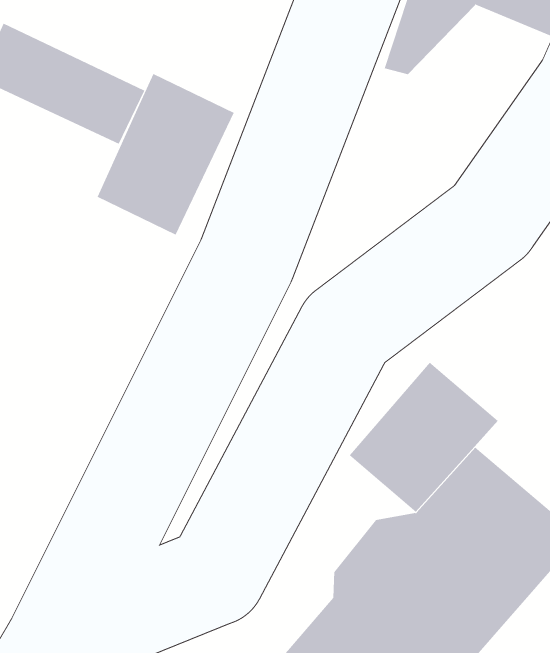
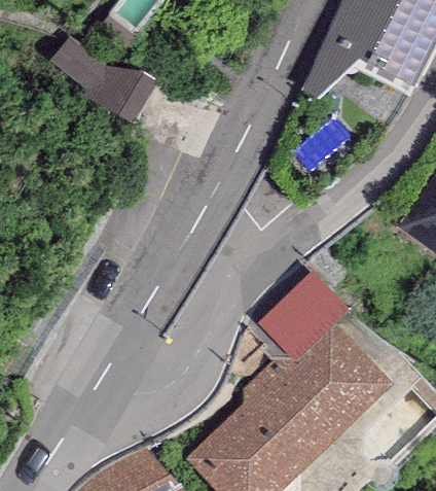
building: [97,73,234,236] -> none

